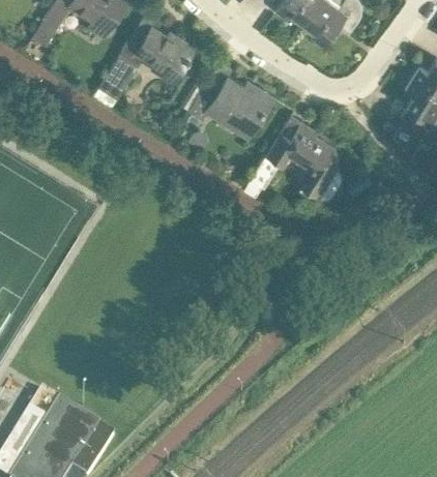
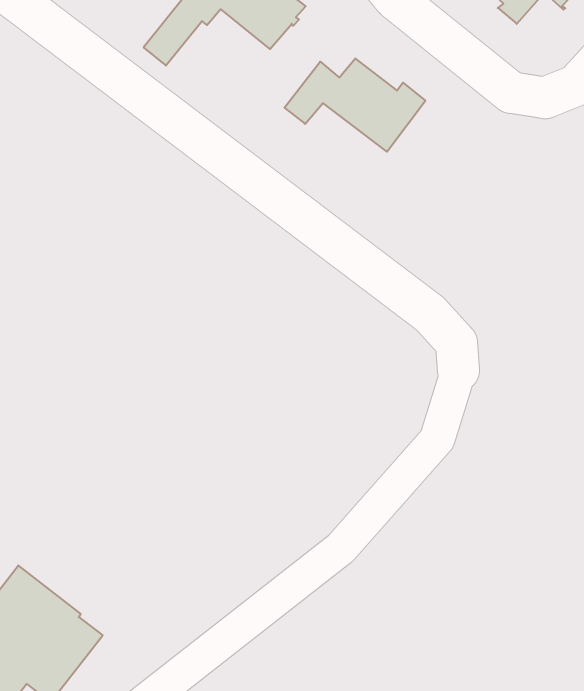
building: [244,131,341,199] -> none

